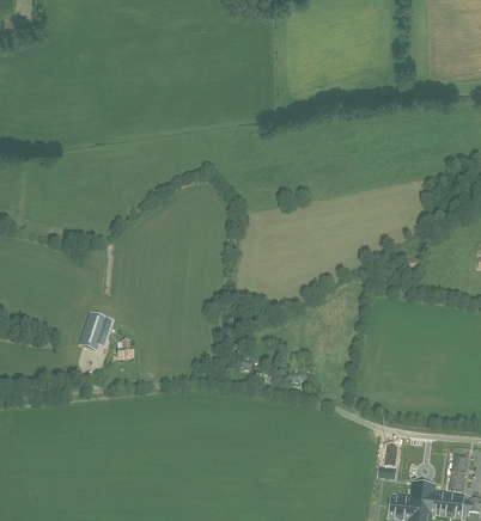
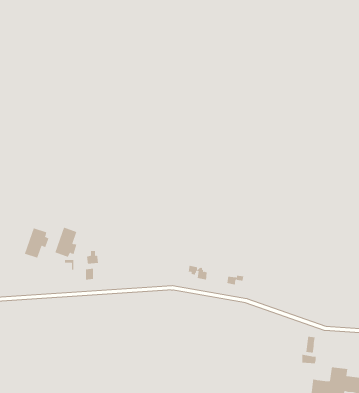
building: none -> [24,228,49,259]

